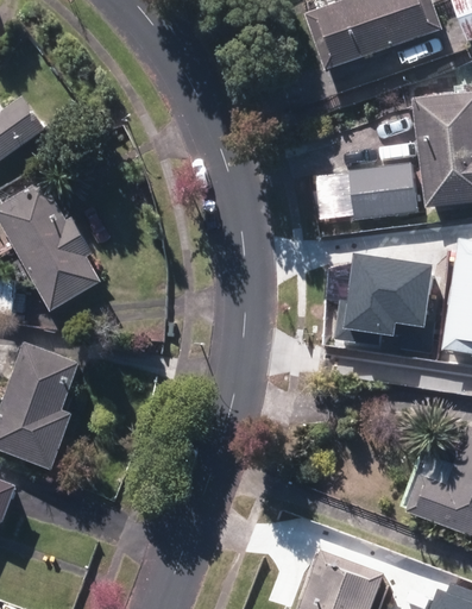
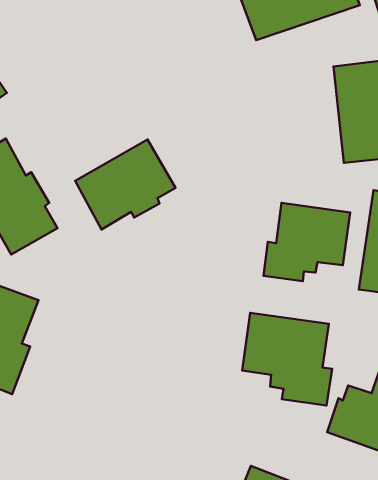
building: [350,163,417,218] -> none
building: none -> [75,139,175,230]
building: none -> [242,313,332,406]

